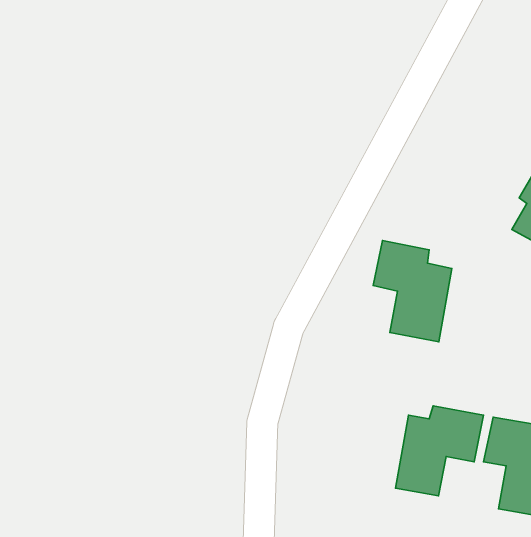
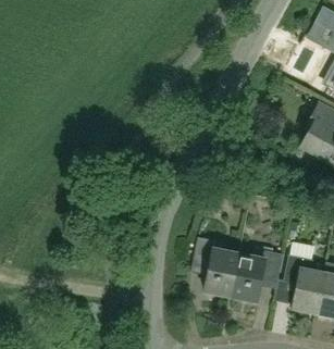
building: [373,241,452,342] -> [195,238,240,297]

